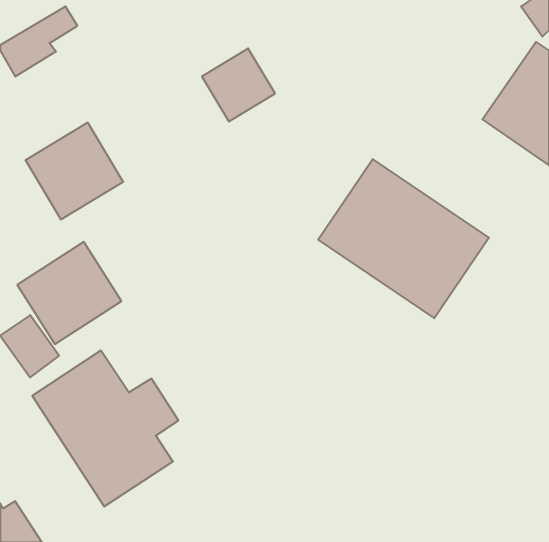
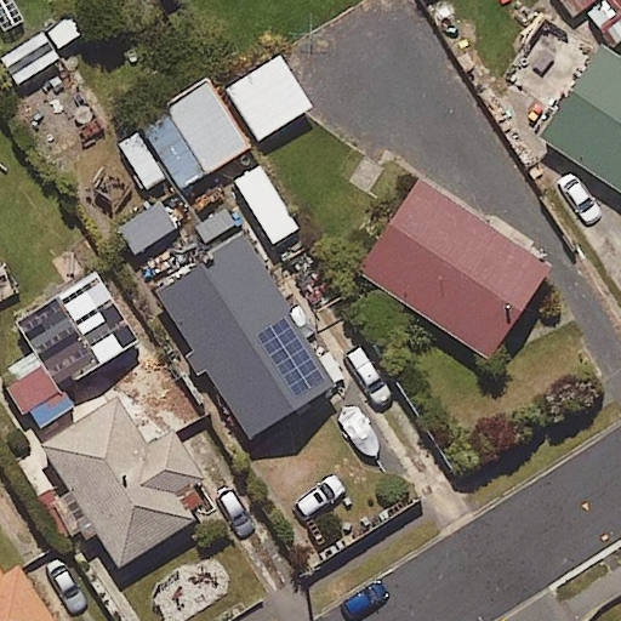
building: [25,123,123,219] -> [138,79,249,188]
building: none -> [115,199,337,443]

